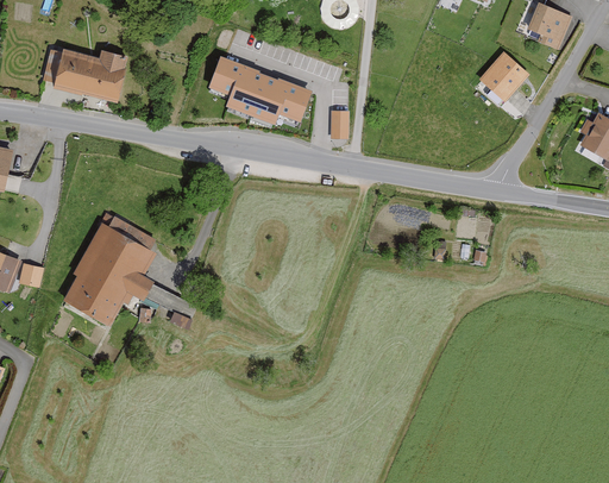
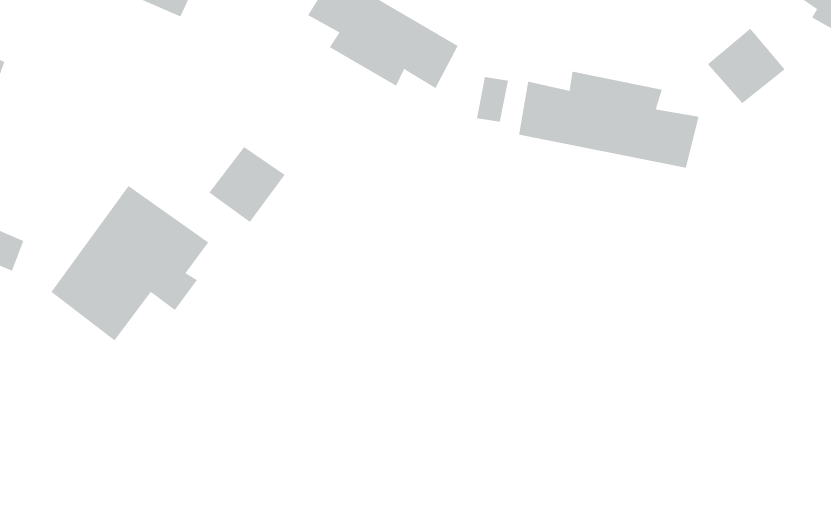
building: none -> [519,71,699,168]
building: none -> [209,146,285,223]

